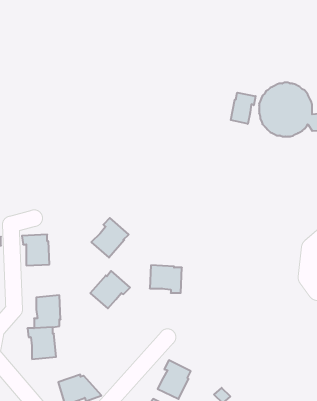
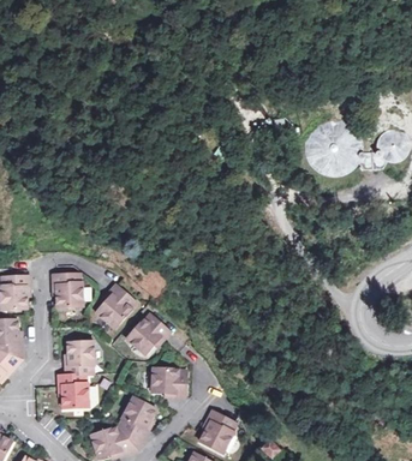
building: [231,93,256,124] -> none
building: [91,218,129,258] -> [95,285,136,328]
building: [150,265,182,293] -> [151,367,186,397]
building: none -> [119,396,155,449]

